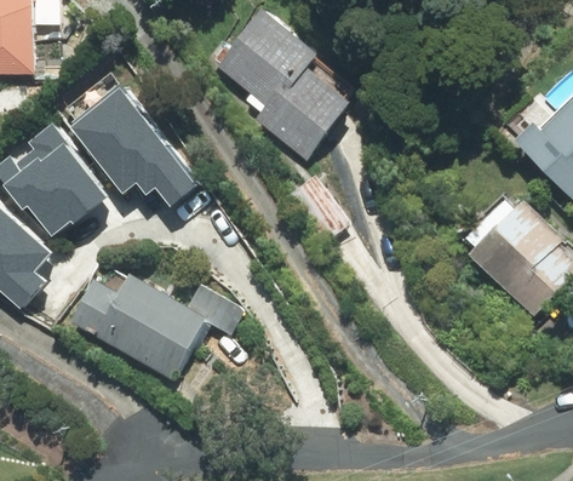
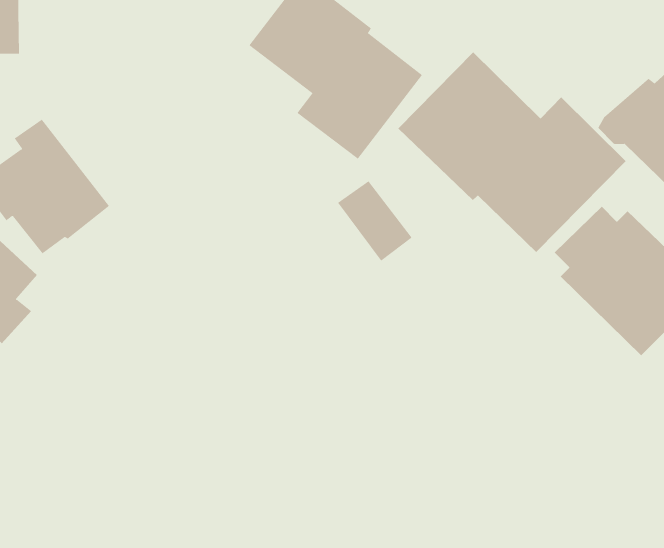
building: none -> [398,51,626,253]
building: [62,74,199,207] -> none
building: [70,267,207,379] -> none

